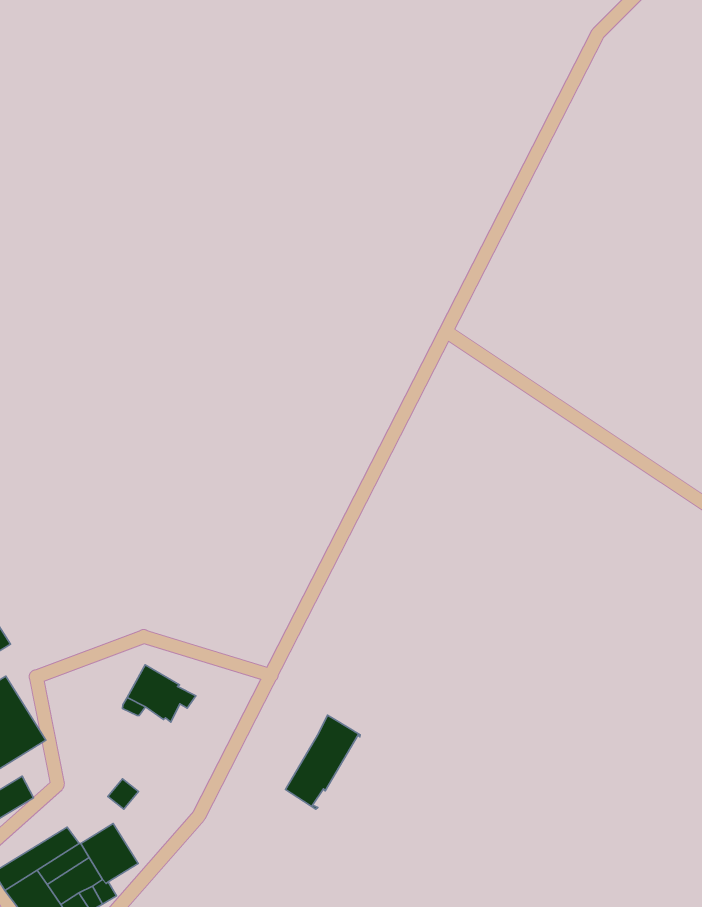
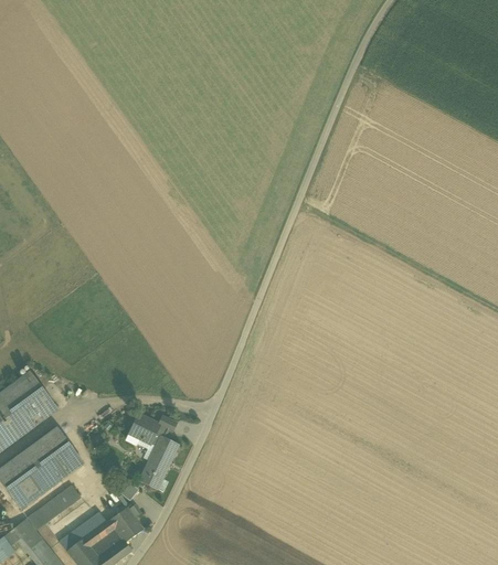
building: [285,715,360,809] -> [139,435,180,490]

